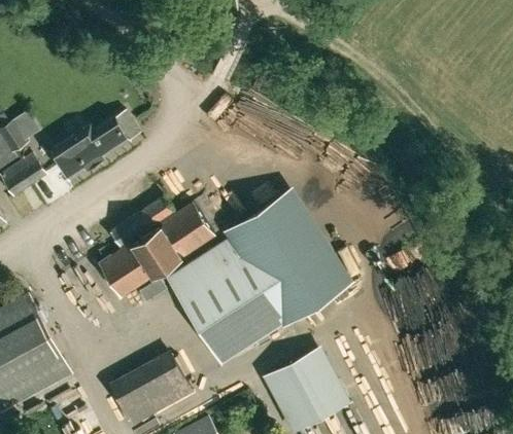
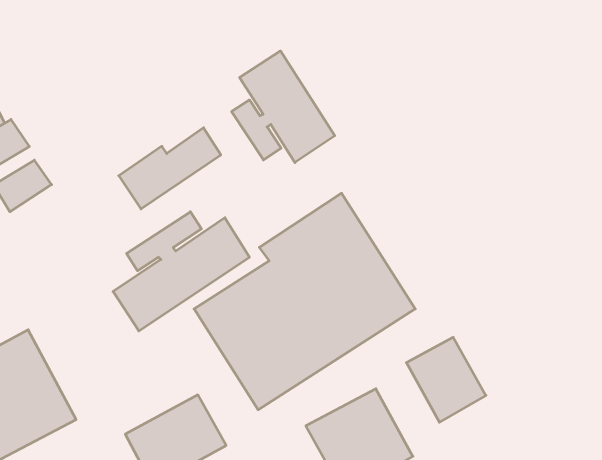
building: none -> [232,51,335,163]
building: [53,112,138,180] -> [119,128,221,209]
building: none -> [406,337,486,422]

